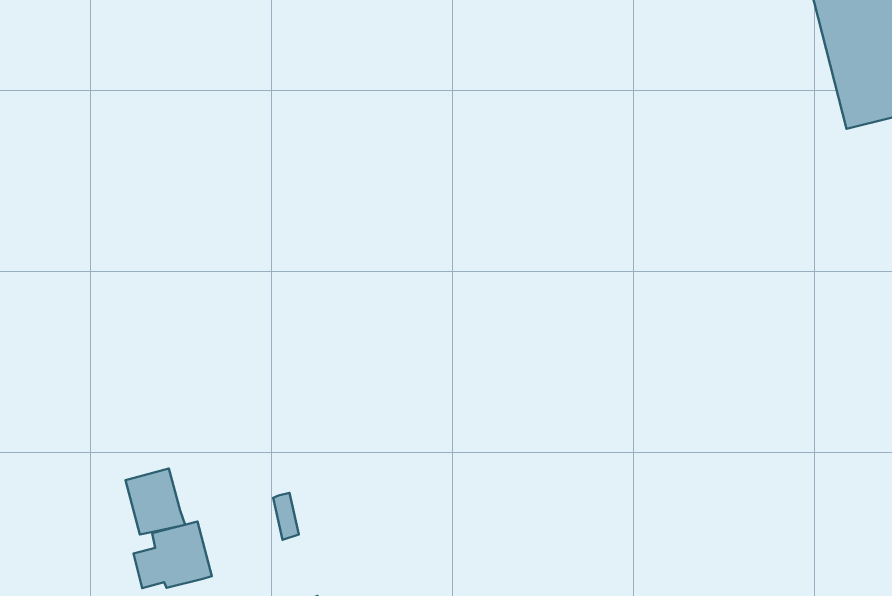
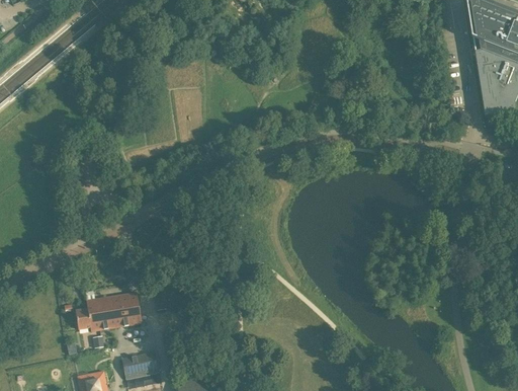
building: [125,469,185,535] -> [112,292,143,326]

